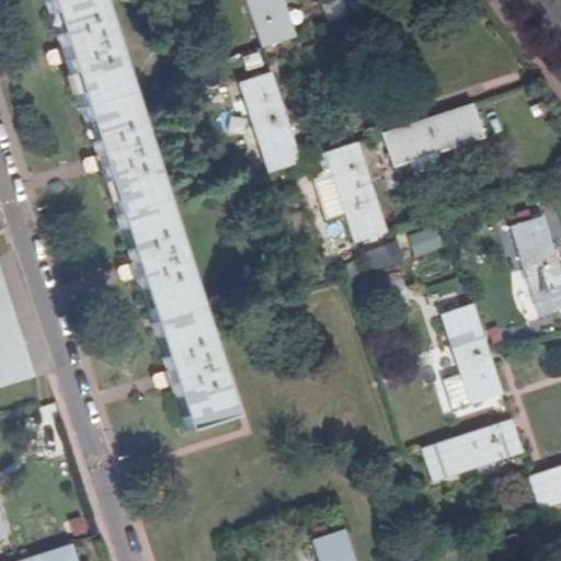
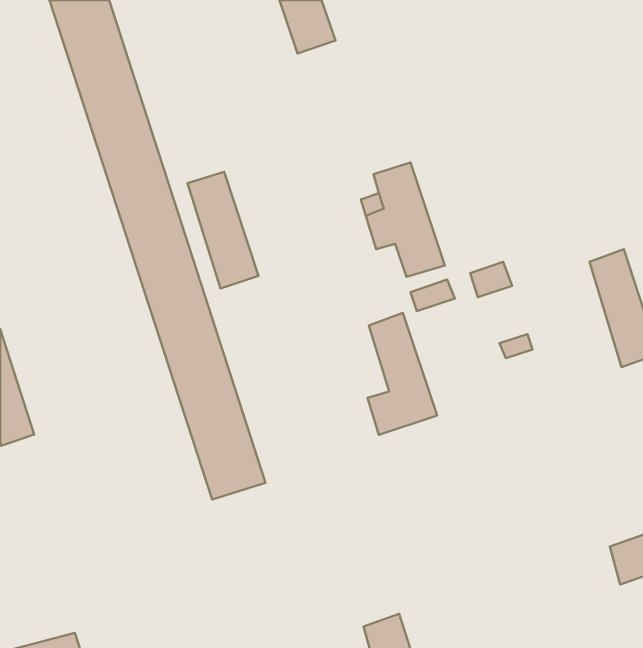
building: [241,69,302,170] -> [187,172,259,289]
building: [386,104,485,165] -> none
building: [445,301,505,407] -> [367,313,437,435]
building: [425,415,524,477] -> none

